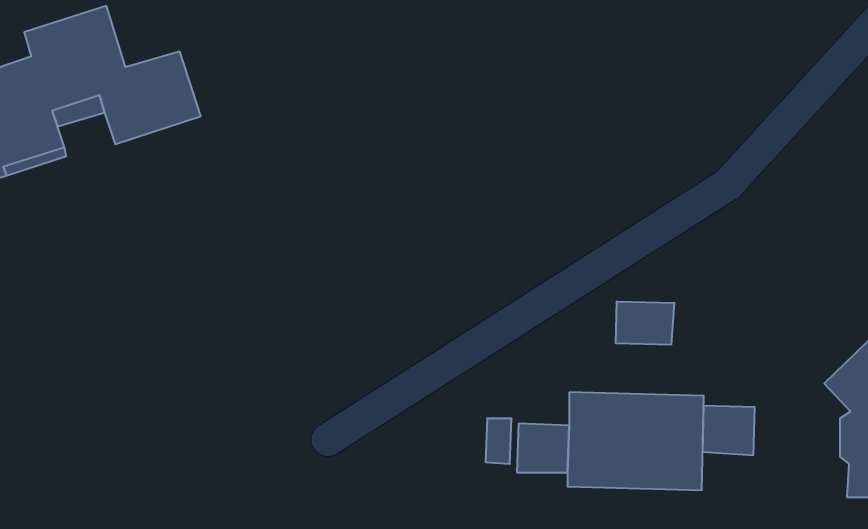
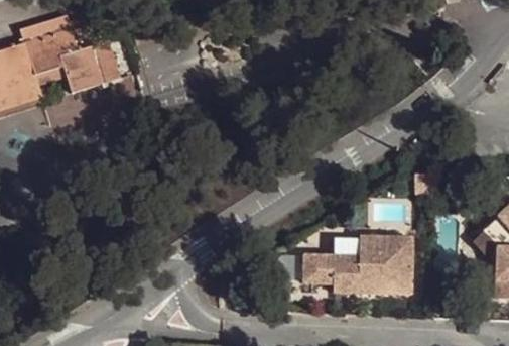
building: [616,301,674,345] -> none
building: [703,405,754,455] -> none

